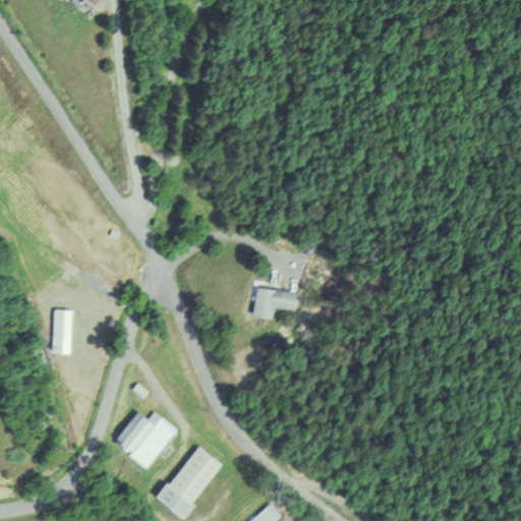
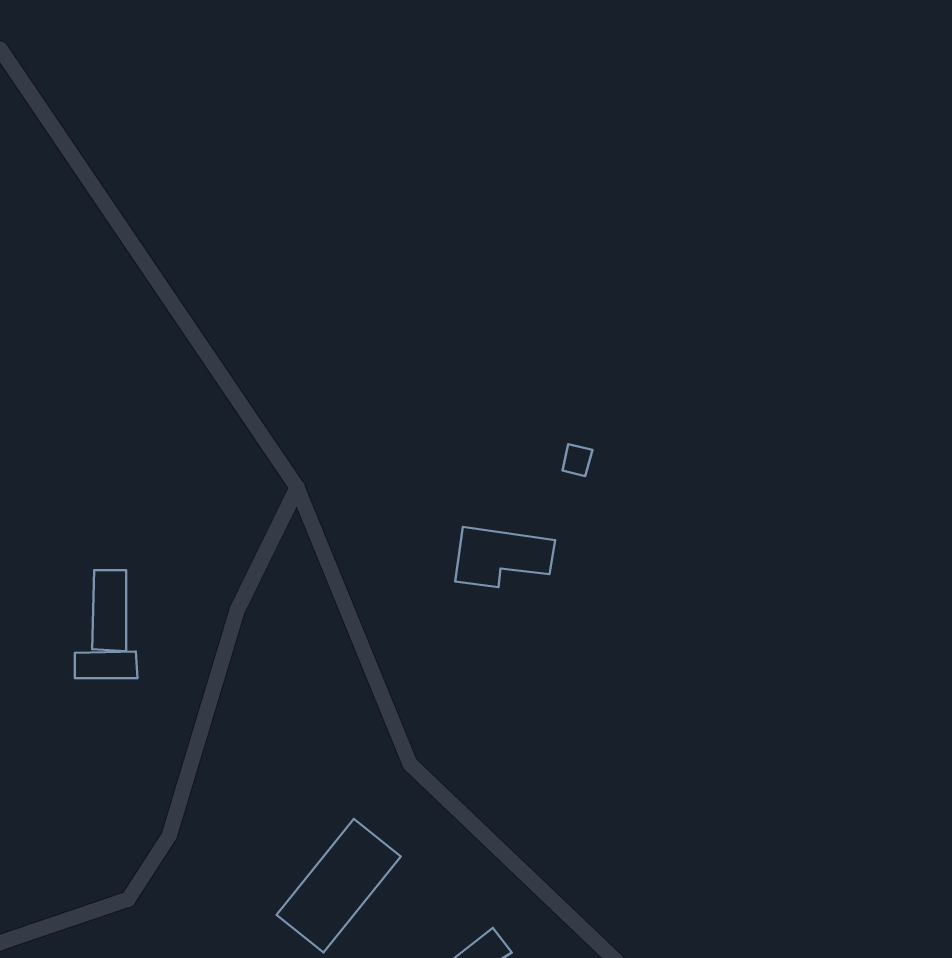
building: none -> [75,651,137,678]
building: [115,411,177,468] -> none

